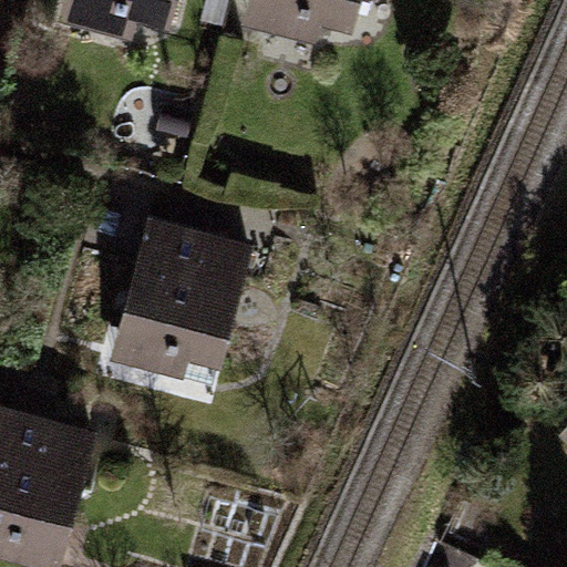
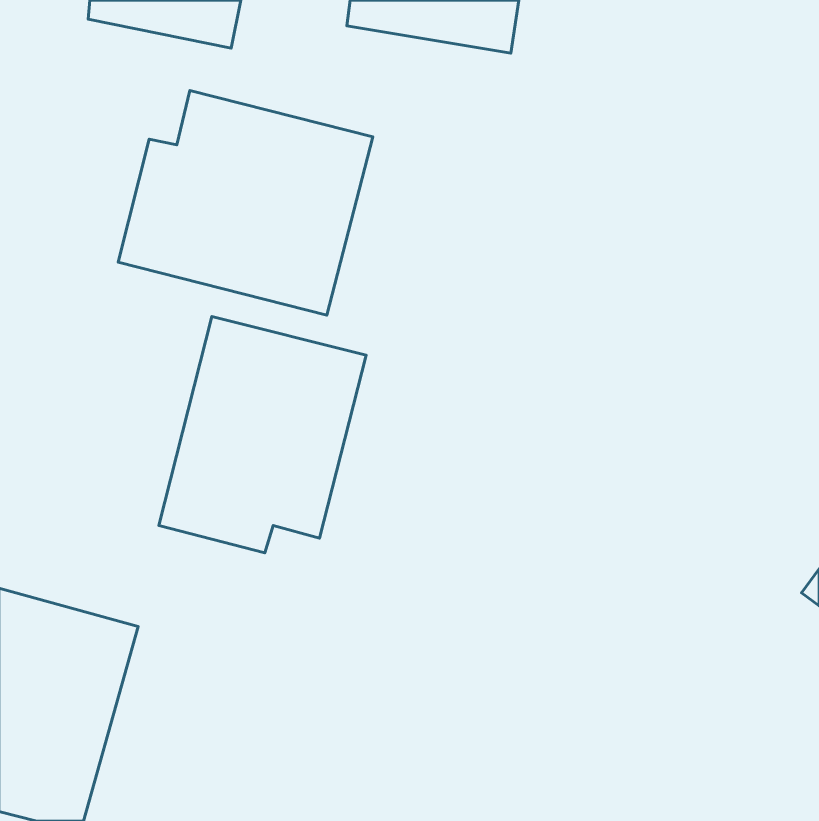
building: none -> [118,90,373,315]

